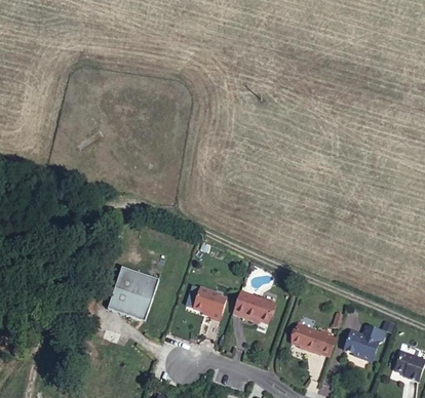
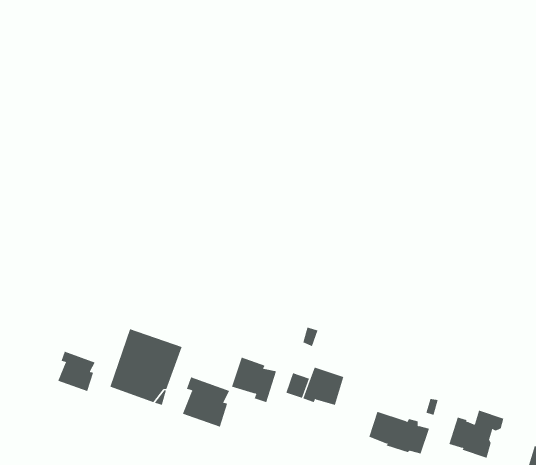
building: none -> [58,351,95,392]
building: none -> [182,376,230,427]

